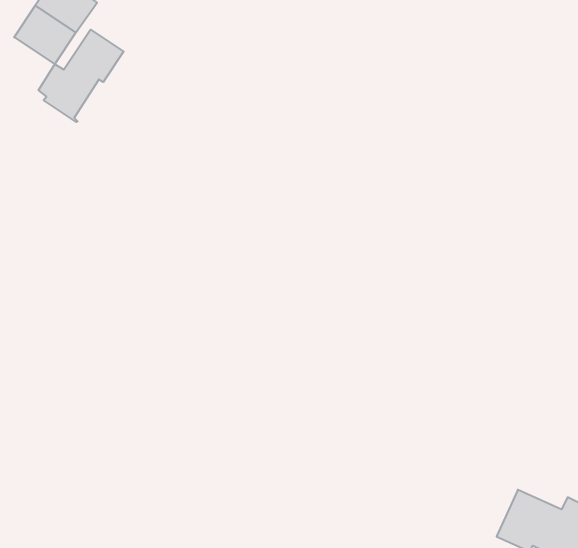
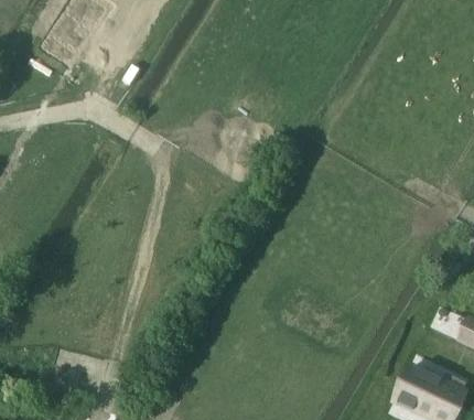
building: [39,30,124,122] -> none

